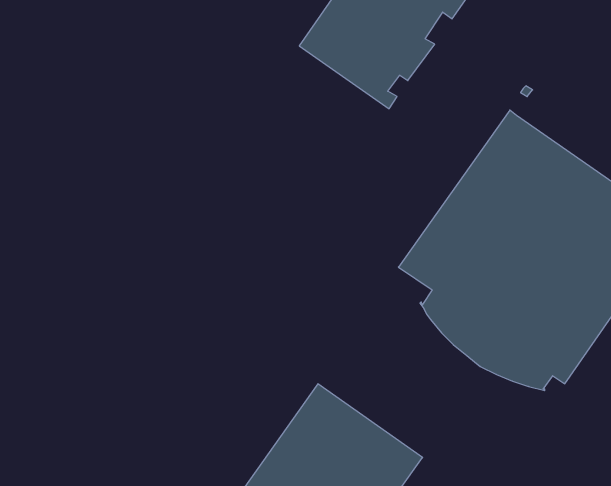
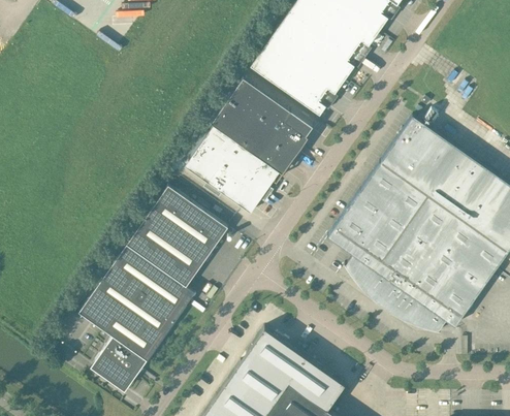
building: none -> [185,77,313,214]
building: none -> [78,186,228,387]

